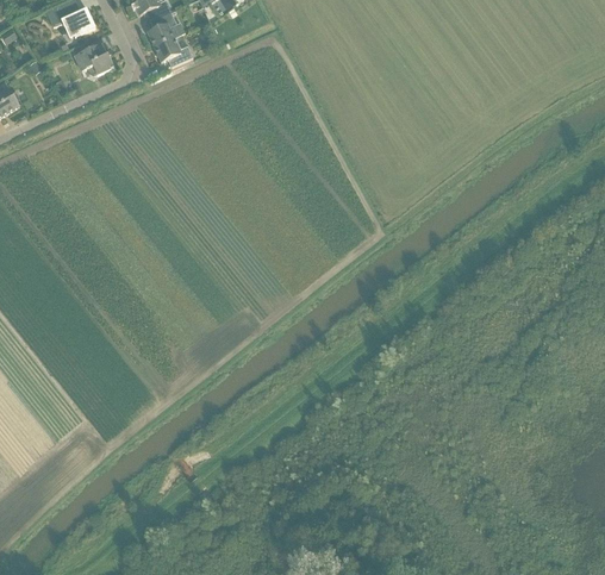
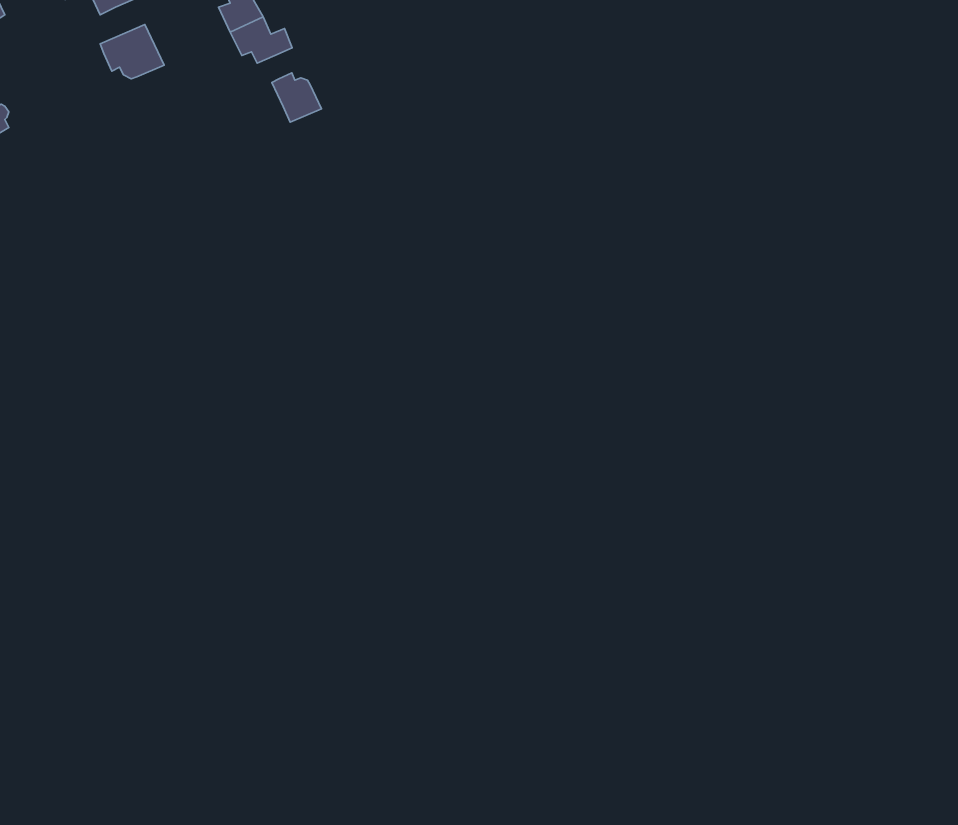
building: none -> [272,73,322,122]

